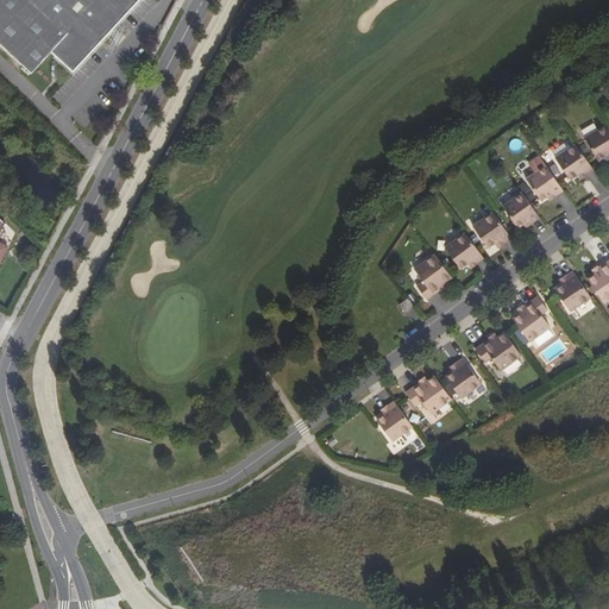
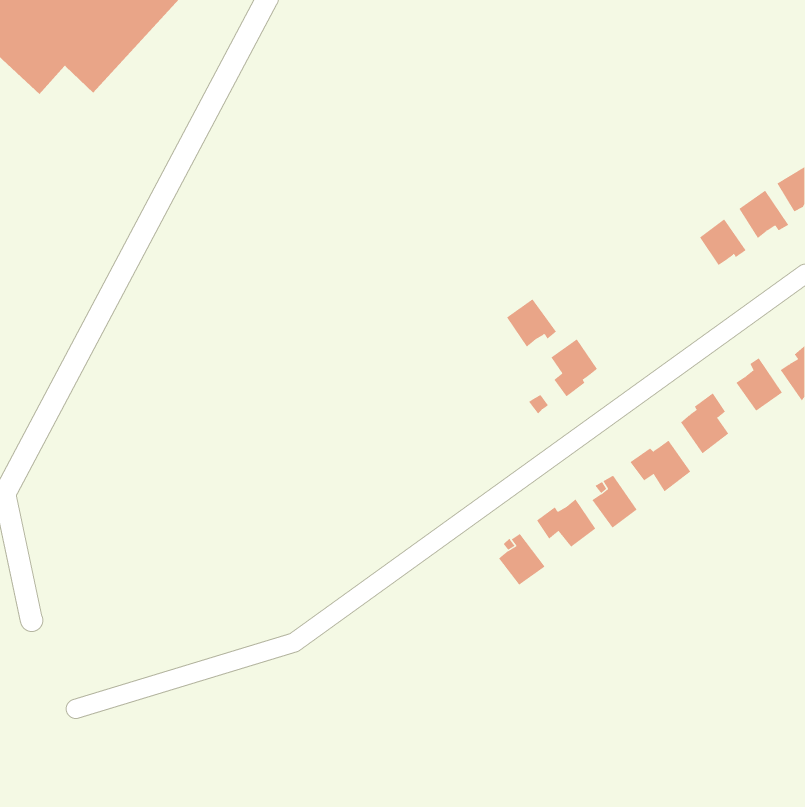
building: [502,192,539,227] -> none
building: [471,211,510,247] -> none
building: [444,232,482,269] -> [506,298,557,347]

